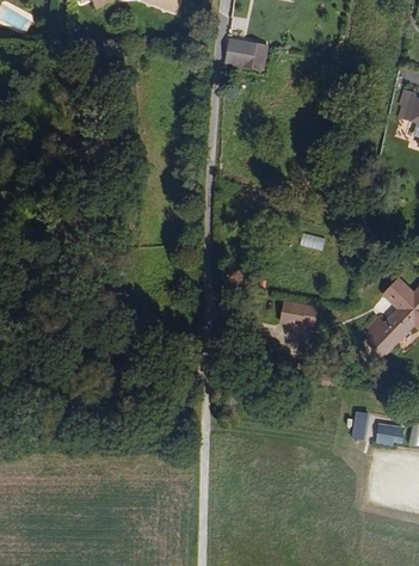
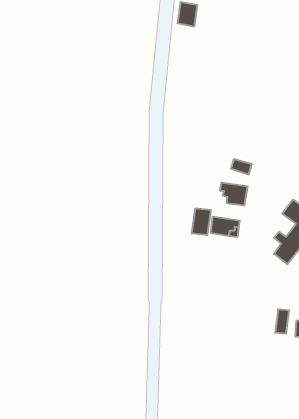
building: none -> [220,182,247,206]
building: none -> [192,208,211,235]

